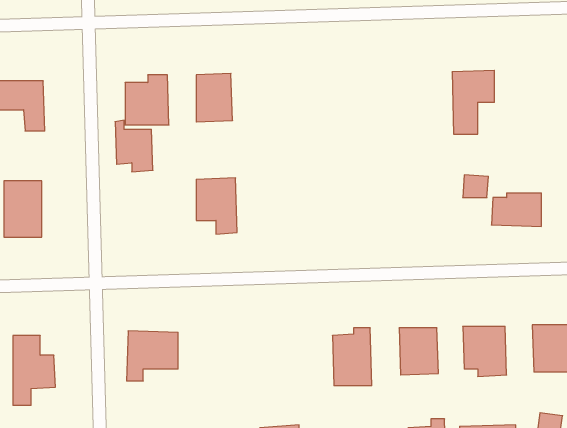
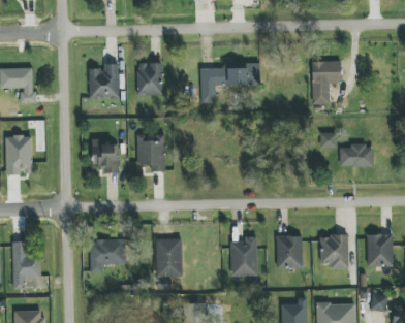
building: none -> [200,63,260,103]
building: [115,120,153,172] -> [93,138,119,173]
building: none -> [156,238,183,277]

